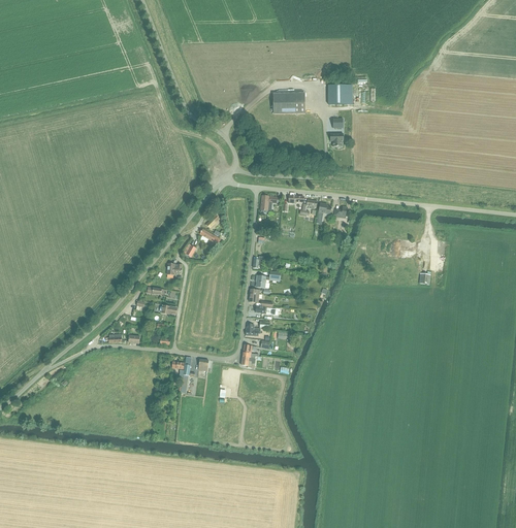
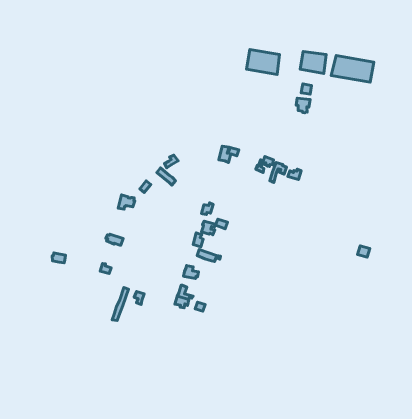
building: none -> [331,56,374,82]

